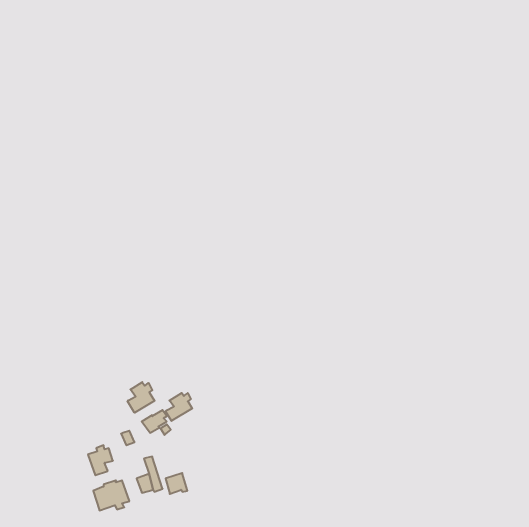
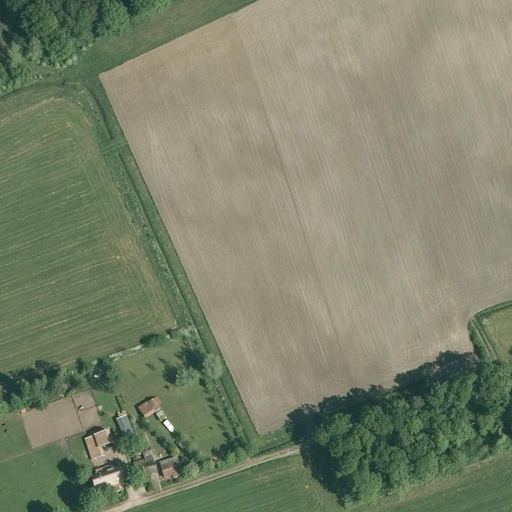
building: [127,382,155,413] -> none
building: [165,393,192,421] -> none

